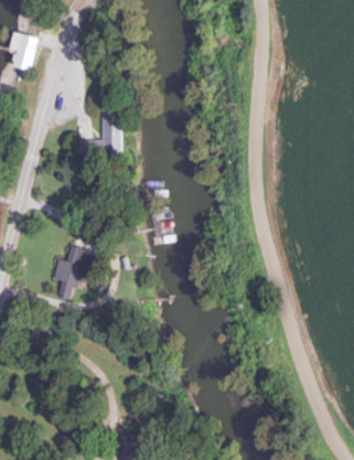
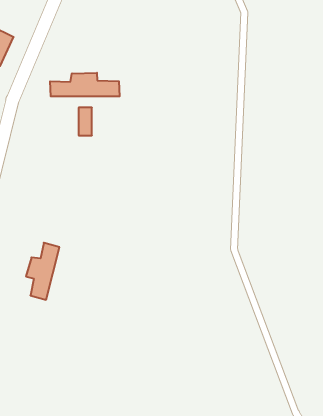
building: none -> [50,73,120,96]

